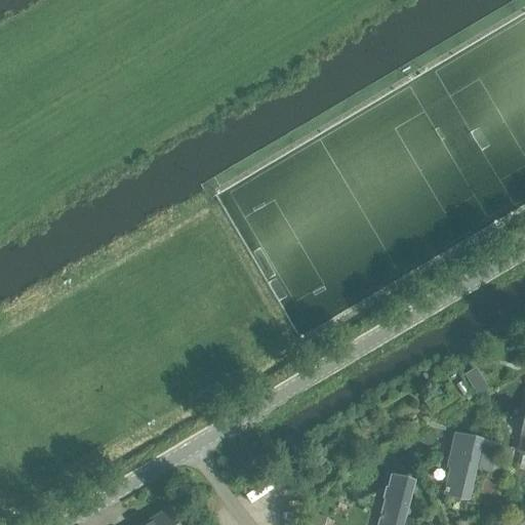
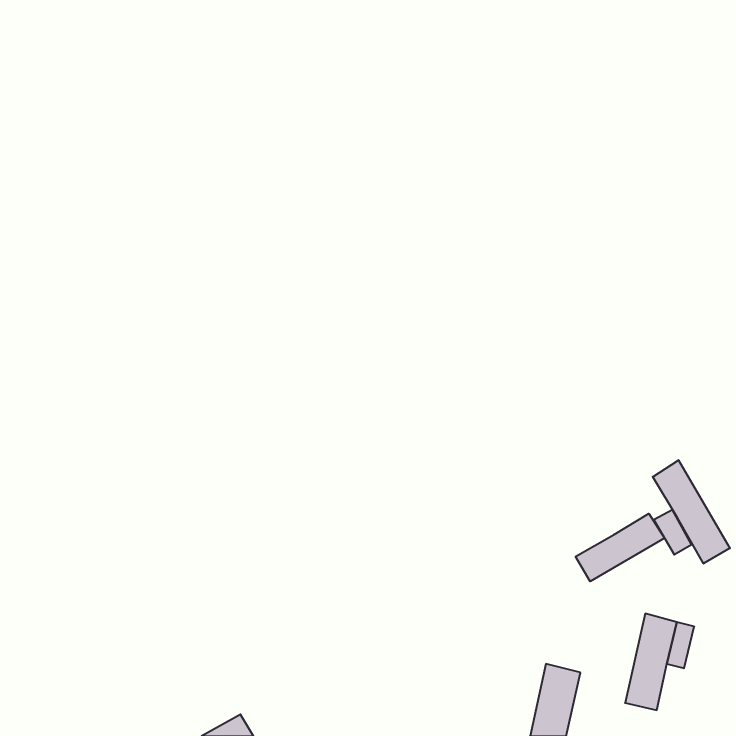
building: none -> [653,460,730,564]
building: none -> [576,514,665,581]

